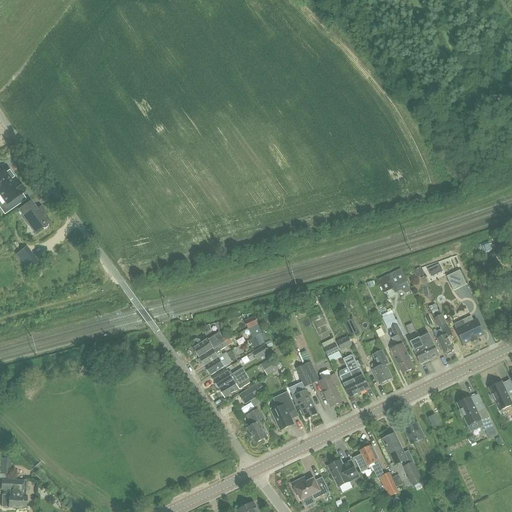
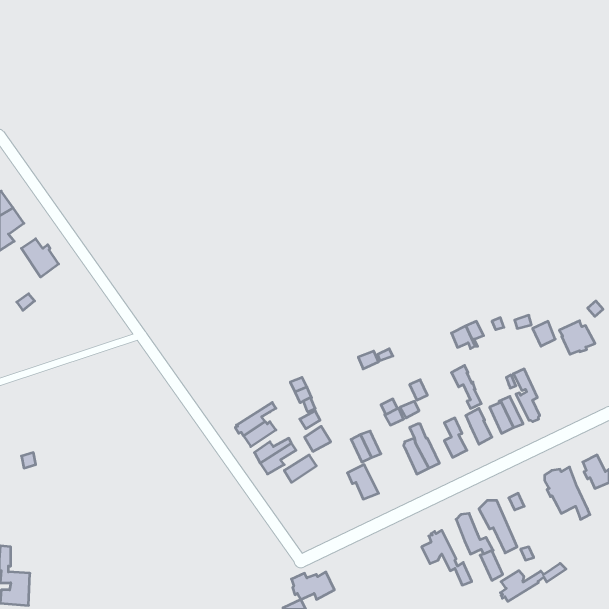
building: [453,315,483,343] -> [559,321,595,354]
building: [191,331,228,356] -> none
building: [318,373,341,406] -> none
building: [270,391,295,430] -> none
building: [245,409,266,443] -> none
building: [327,459,358,486] -> none
building: none -> [500,563,566,601]
building: [292,476,328,499] -> [291,572,334,599]

